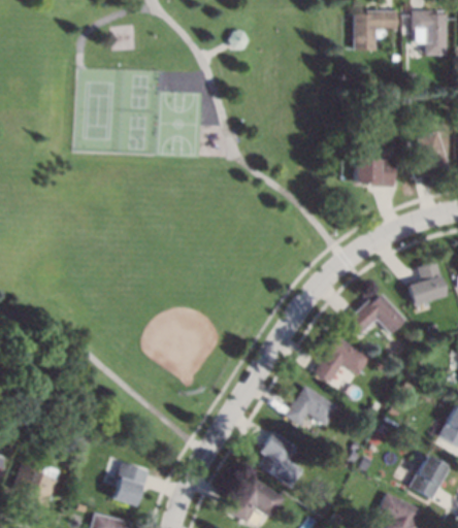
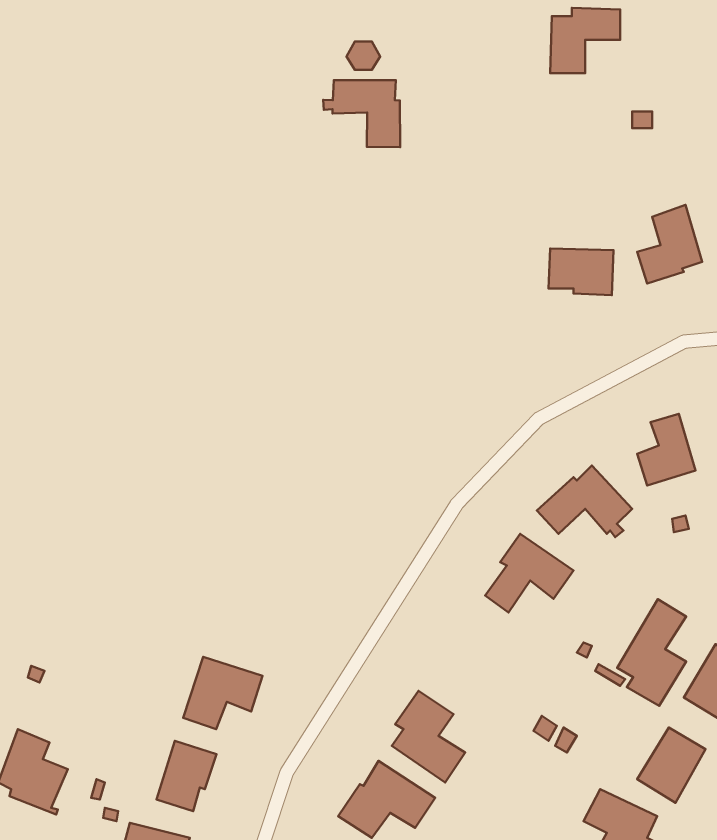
building: [413,9,447,54] -> none
building: none -> [323,80,400,147]
building: none -> [617,599,686,706]
building: [285,385,336,425] -> none
building: none -> [183,657,263,729]

